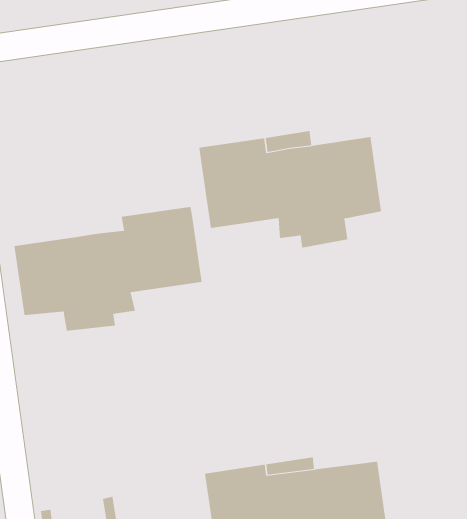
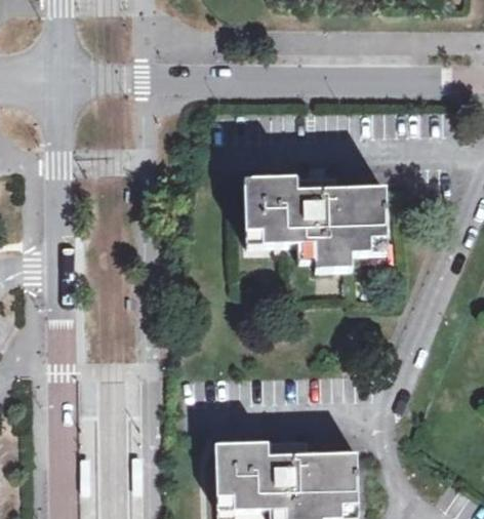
building: [14,206,202,332] -> none

